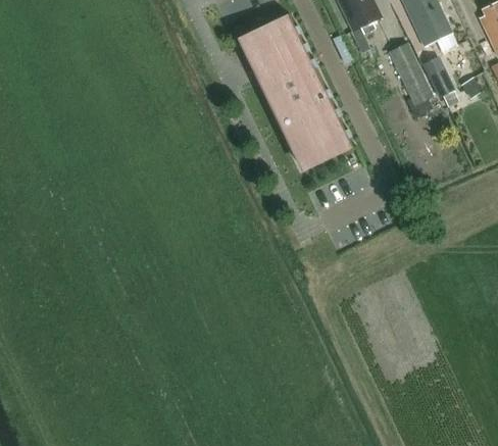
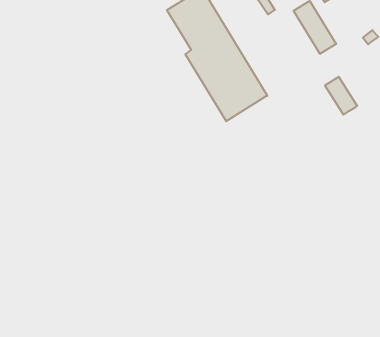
building: [420,55,454,98] -> [325,77,357,115]

